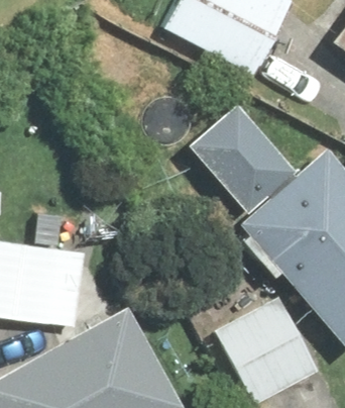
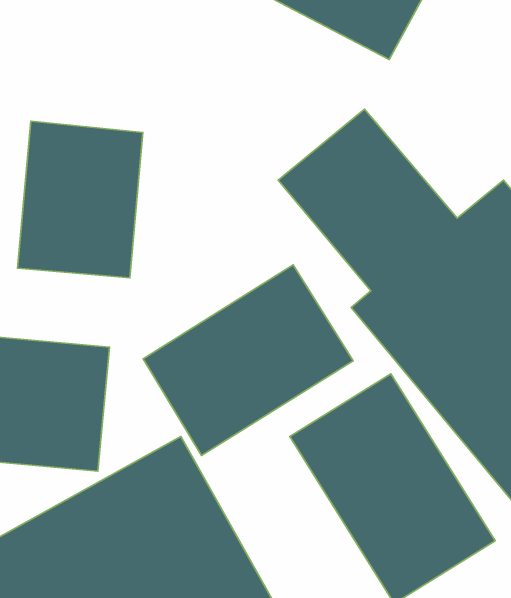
building: none -> [17,121,143,278]
building: none -> [143,265,353,455]

